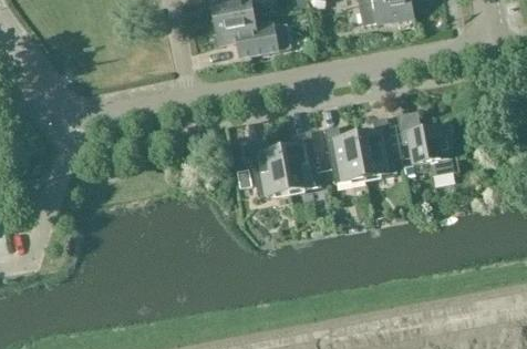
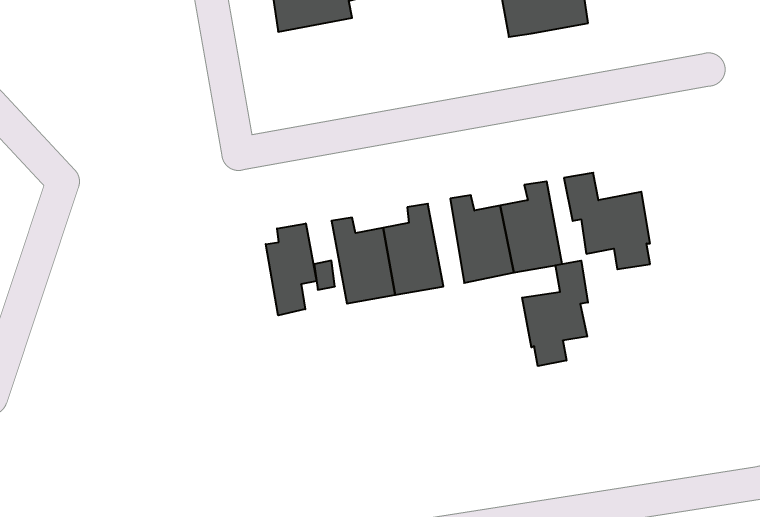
building: [214,12,278,57] -> none
building: none -> [266,223,317,315]
building: none -> [522,261,588,366]

